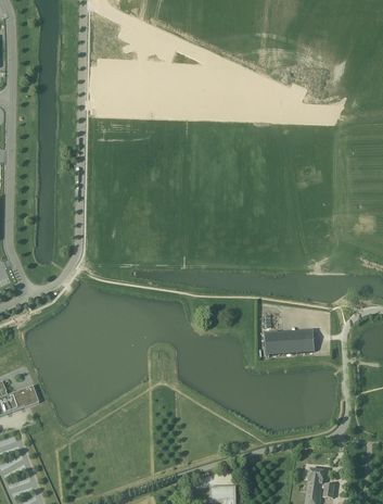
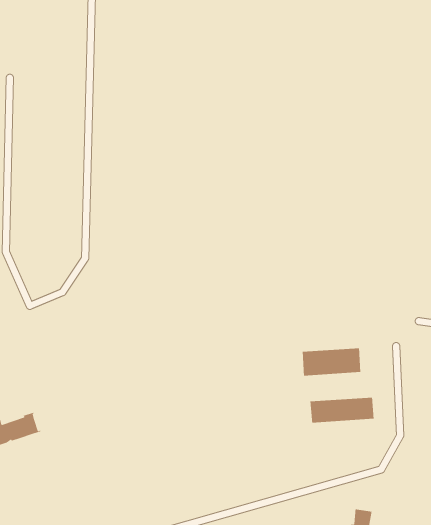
building: none -> [310,397,375,423]

